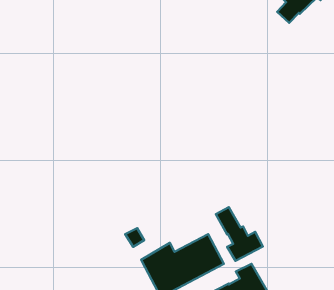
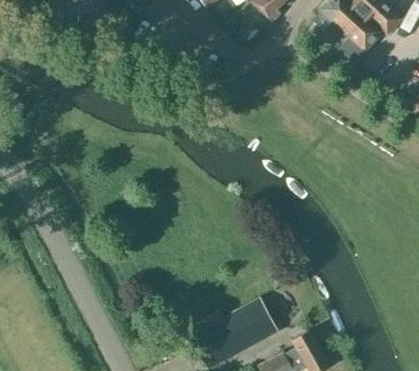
building: [216,207,263,261] -> none

